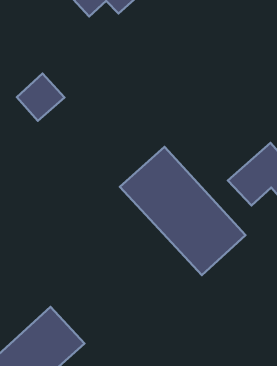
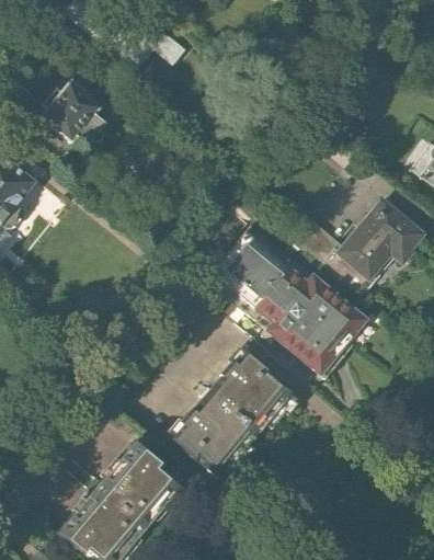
building: [17,74,65,121] -> [38,83,99,144]
building: none -> [173,352,293,477]

